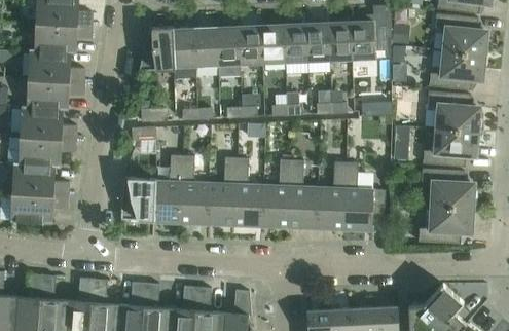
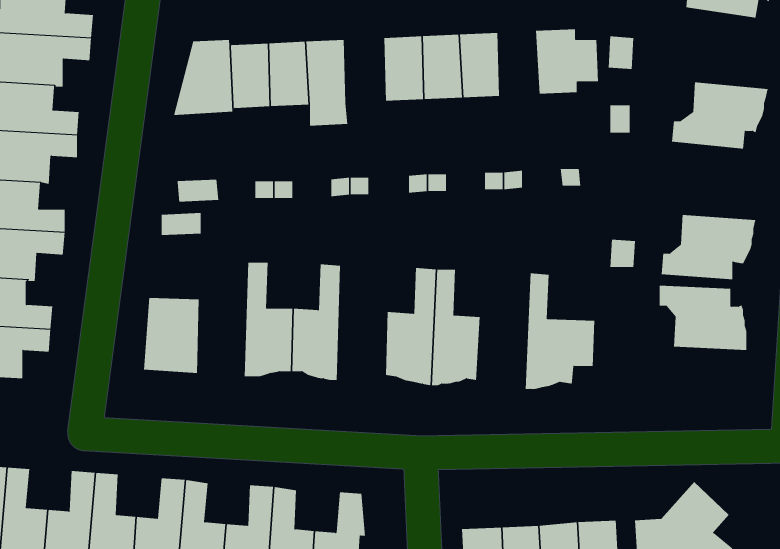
building: [435,13,485,54] -> none
building: [328,21,352,59] -> none
building: [239,25,262,63] -> none
building: [427,90,478,131] -> none
building: [153,154,182,222] -> none
building: [234,157,263,224] -> none
building: [316,161,347,229] -> none
building: [417,205,473,243] -> none

